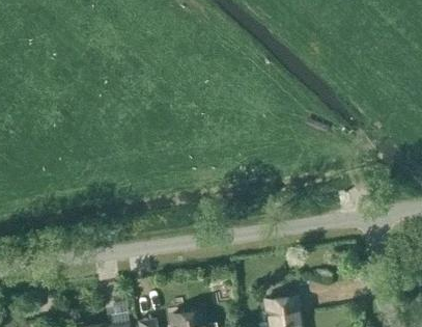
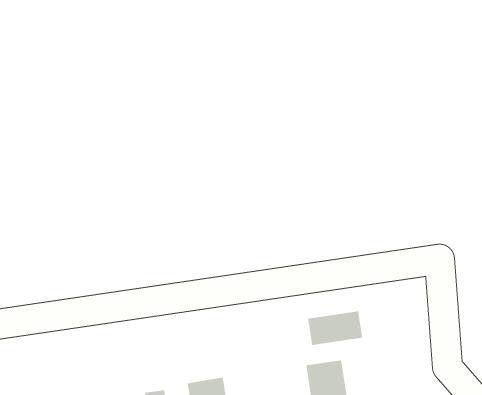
building: none -> [307,310,363,346]

